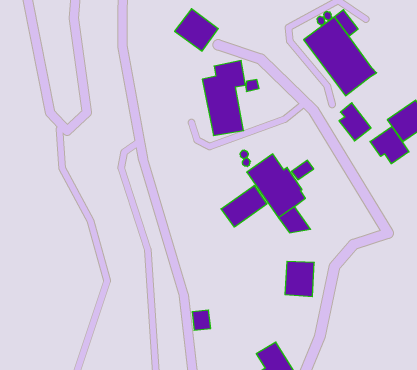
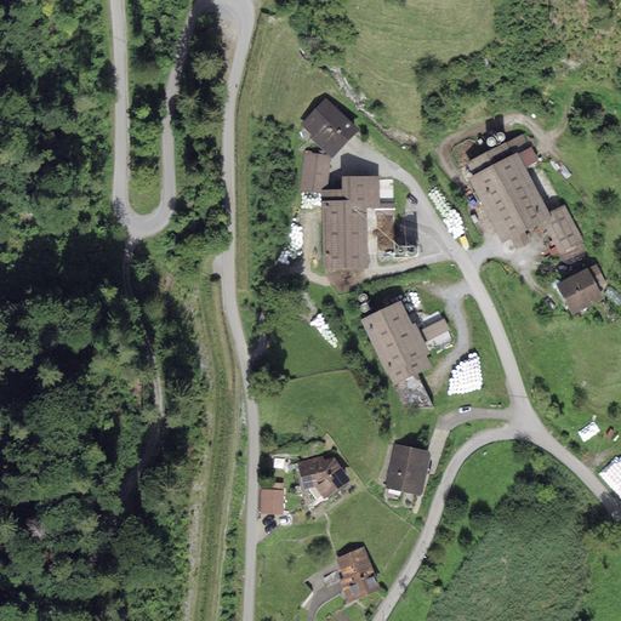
building: none -> [298,153,326,190]
building: [339,103,371,141] -> [542,203,582,252]
building: [370,126,409,164] -> none
building: [221,185,267,227] -> none
building: none -> [297,456,347,498]

